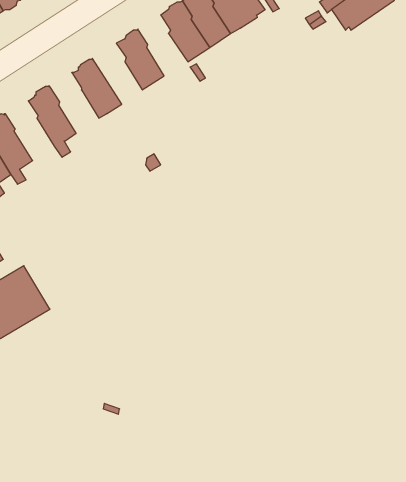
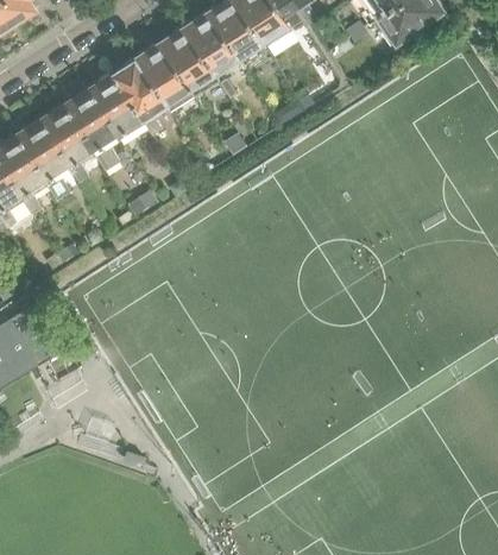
building: none -> [160,26,215,93]
building: none -> [111,57,165,134]
building: none -> [64,89,118,170]
building: none -> [15,119,69,201]

